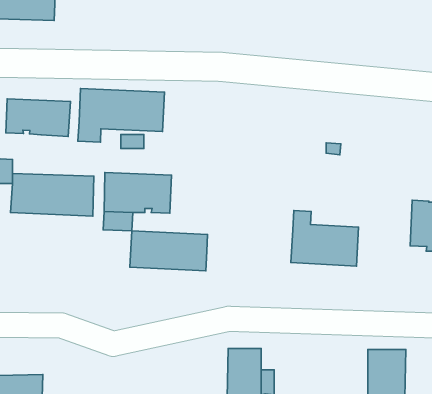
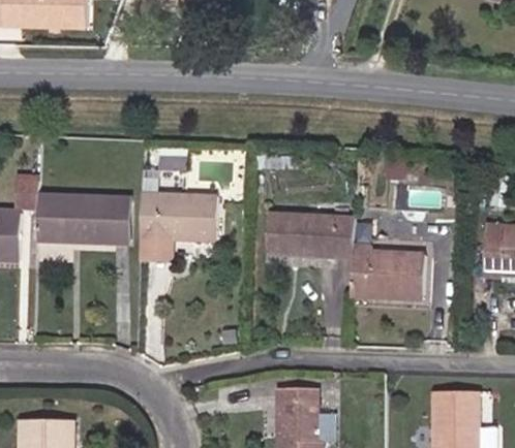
building: [78,89,164,142] -> none
building: [6,99,70,136] -> none
building: [130,231,208,271] -> [267,215,354,259]

